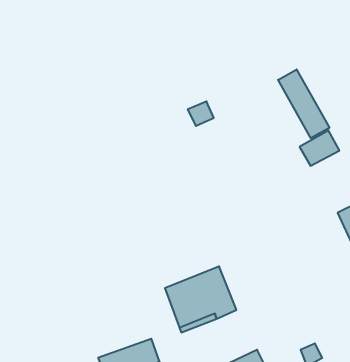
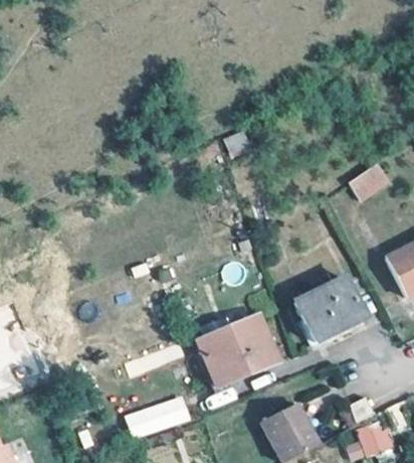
building: [278,69,329,138] -> none
building: none -> [297,277,365,339]

